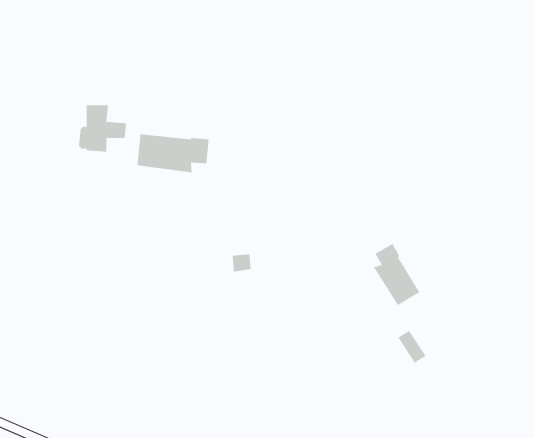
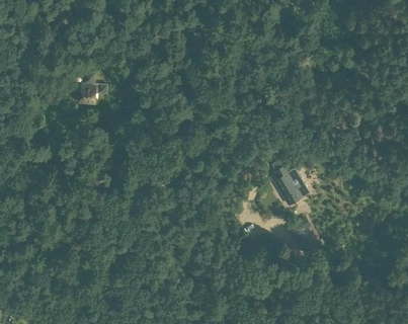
building: [137,133,209,173] -> none

